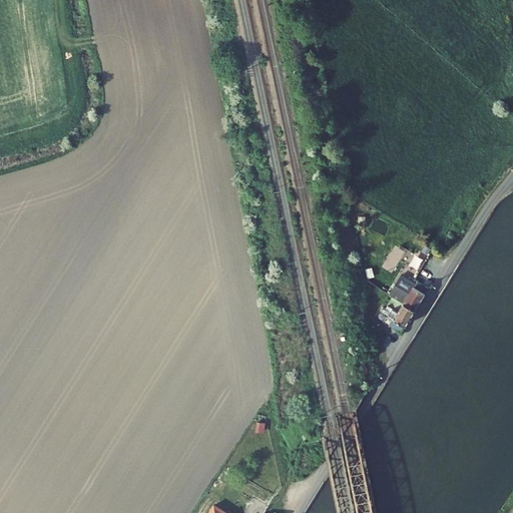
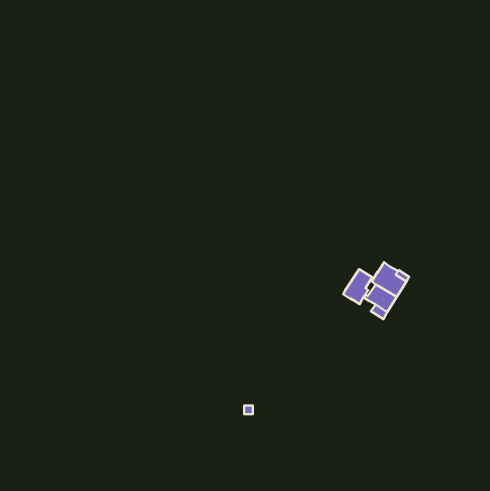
building: none -> [343,269,372,304]

